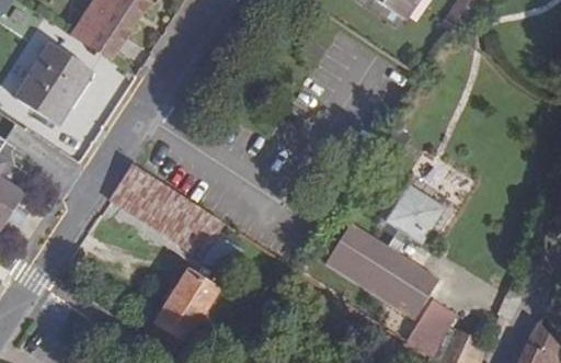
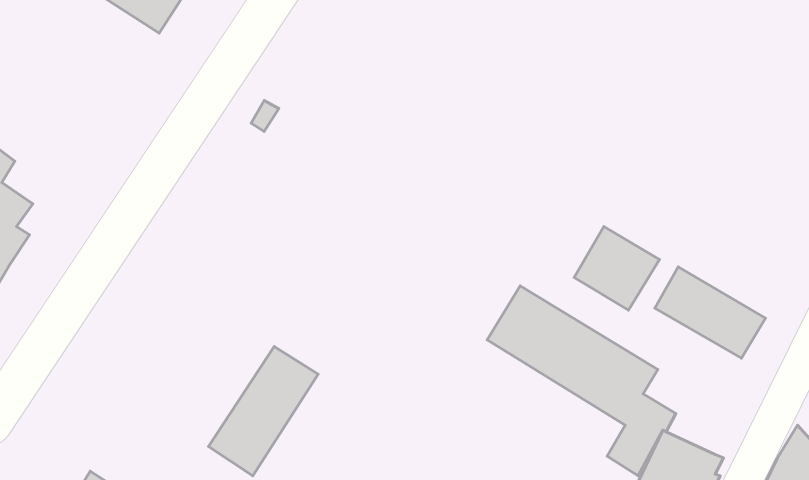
building: [15,43,92,125] -> none
building: [110,166,242,273] -> none
building: none -> [655,267,766,358]

